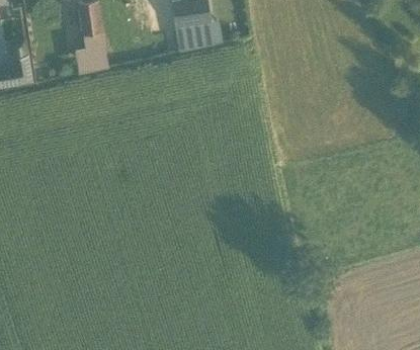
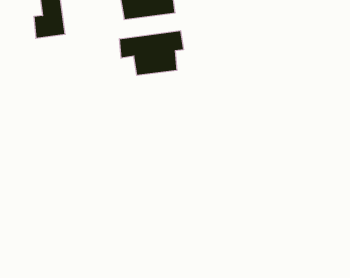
building: none -> [119,31,183,75]

